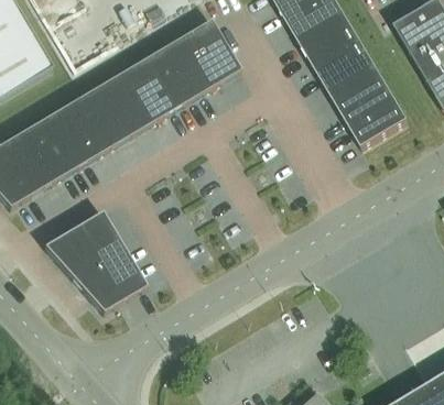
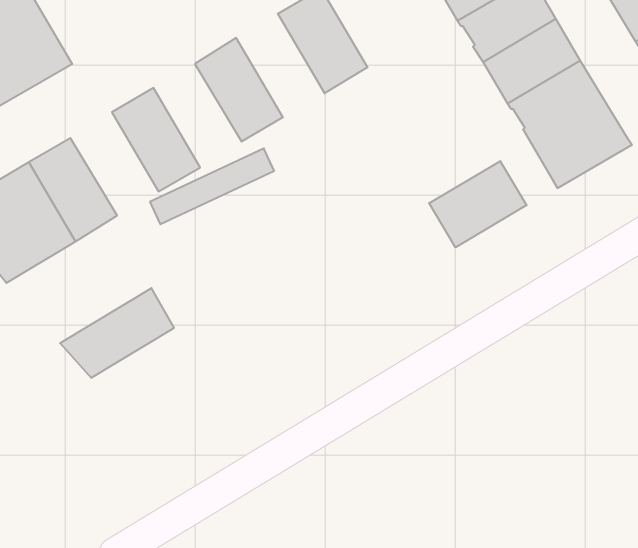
building: [155,35,212,101] -> none
building: [102,67,159,133] -> none
building: [50,98,106,164] -> none
building: none -> [429,161,527,247]
building: [63,236,145,311] -> none

